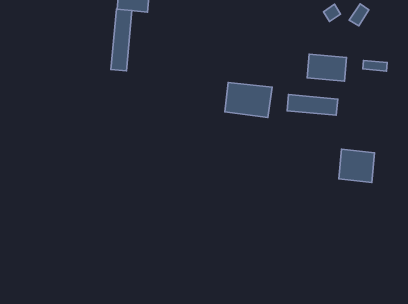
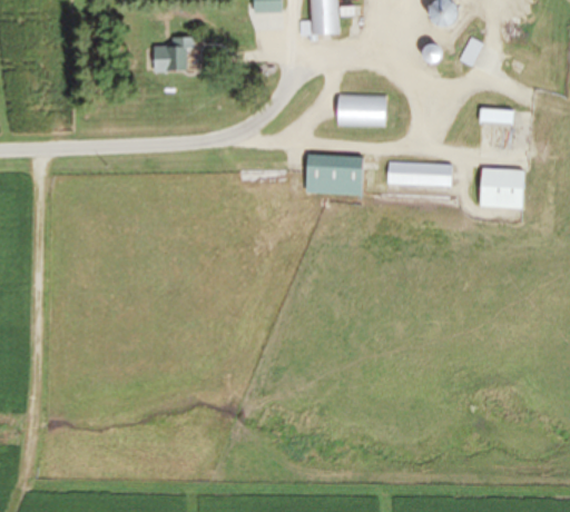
building: [111,9,132,71] -> none
building: [307,54,347,81] -> [338,95,387,126]
building: [339,149,375,183] -> [481,168,524,208]

